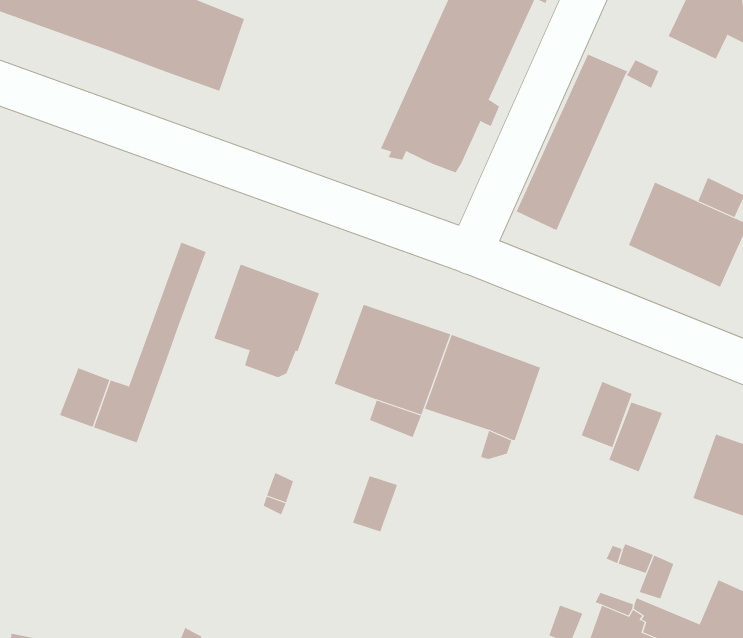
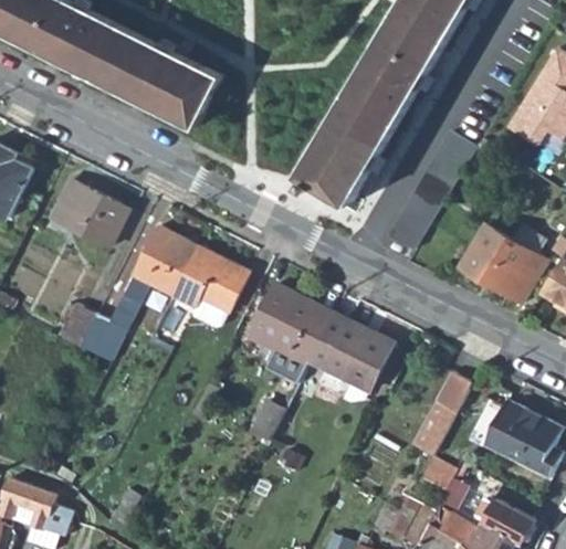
building: none -> [50,180,128,246]
building: none -> [148,235,195,295]
building: [581,381,632,448] -> [411,410,450,456]

